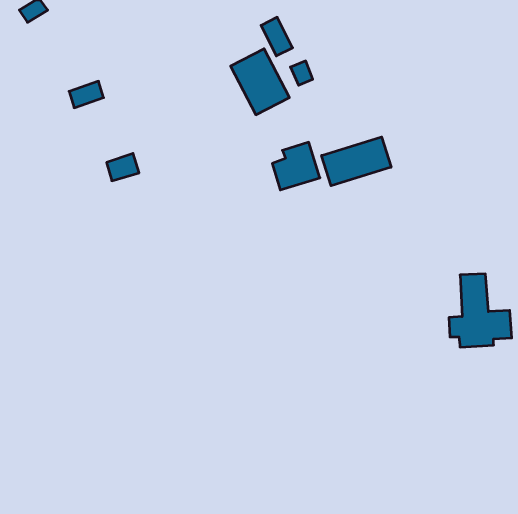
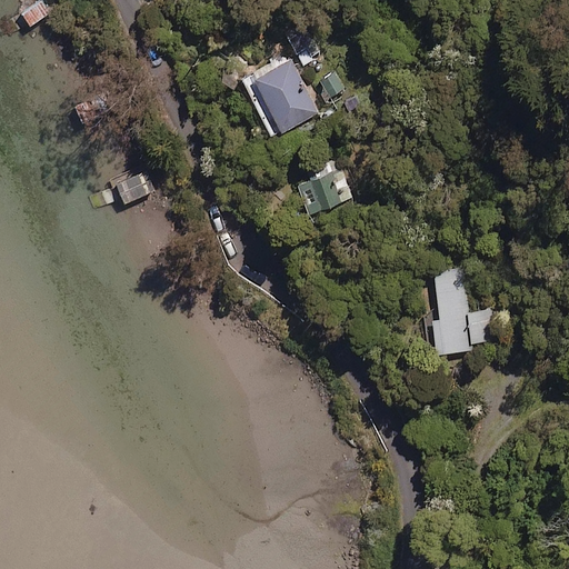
building: [322,137,391,186] -> none
building: [449,274,512,347] -> [423,271,492,351]

